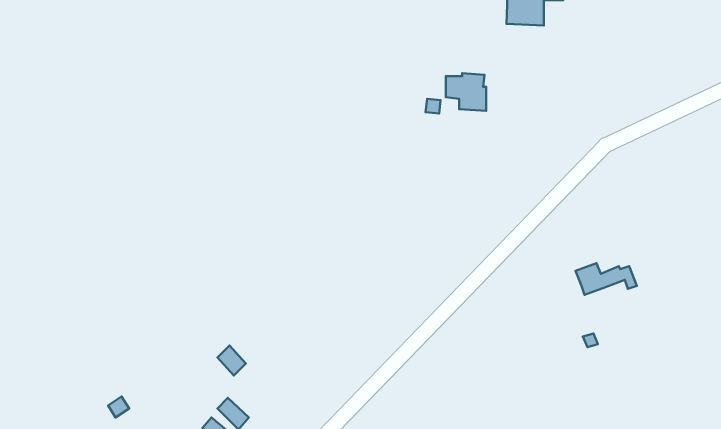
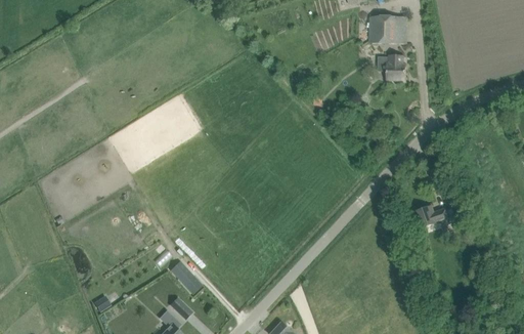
building: [446,73,486,111] -> [378,54,405,80]

